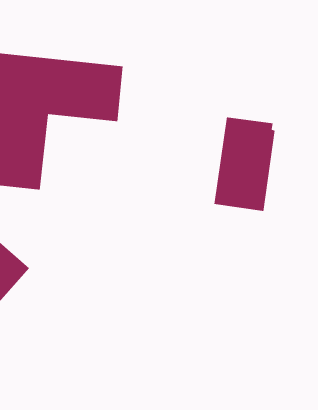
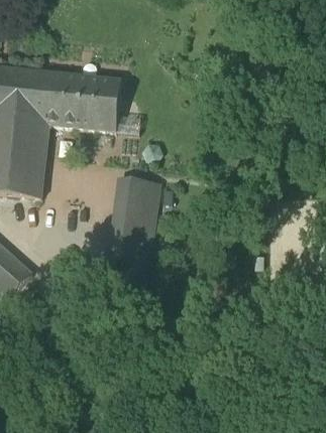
building: [214,117,276,211] -> [105,172,165,263]

